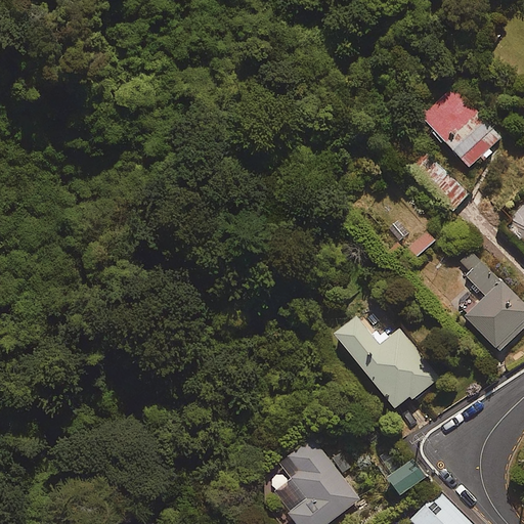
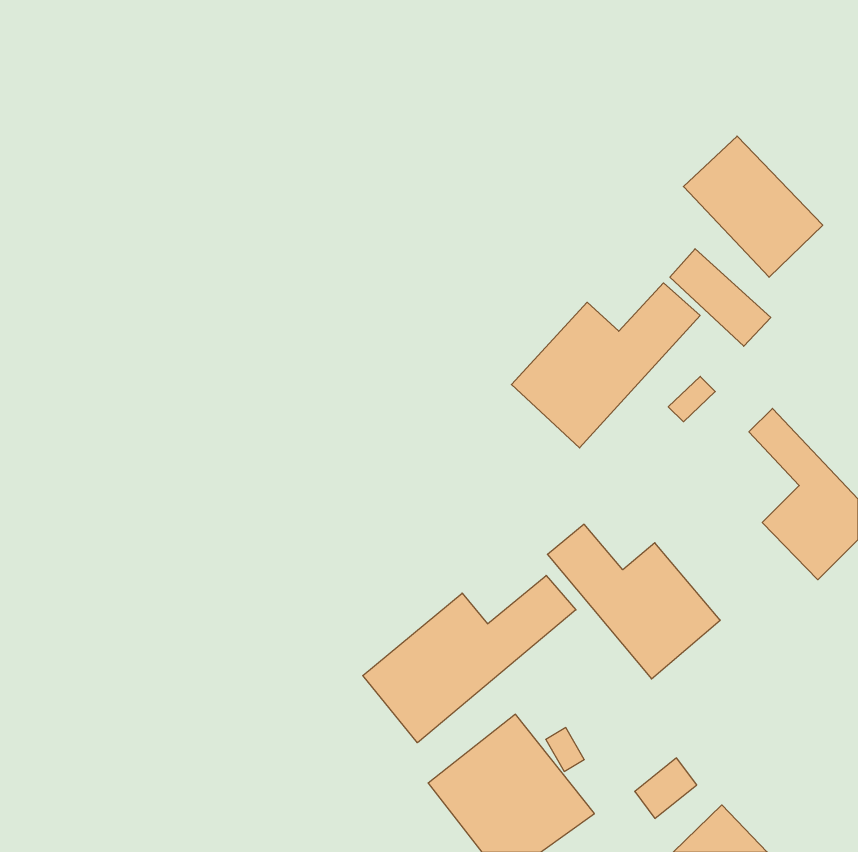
building: none -> [511,283,700,448]
building: none -> [363,575,576,743]

